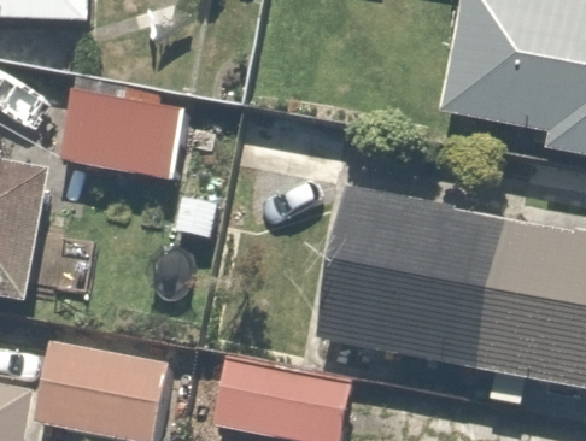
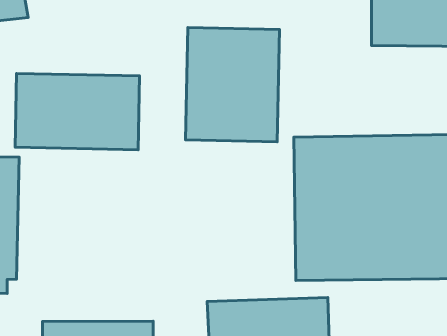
building: none -> [186,28,279,142]

